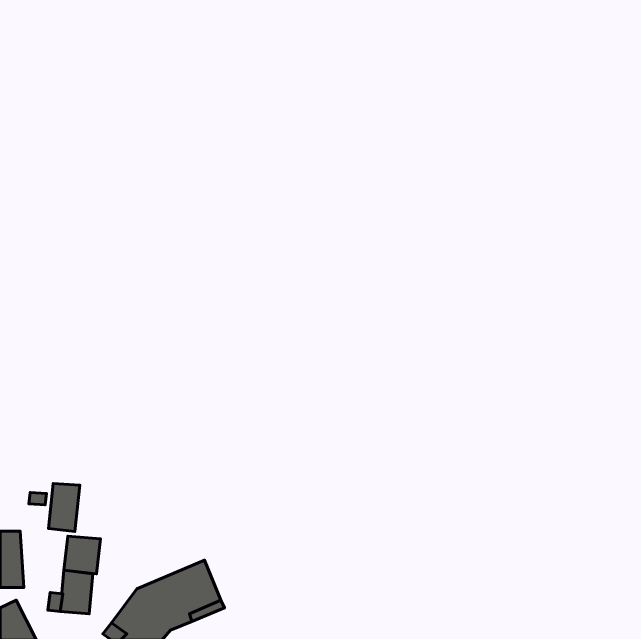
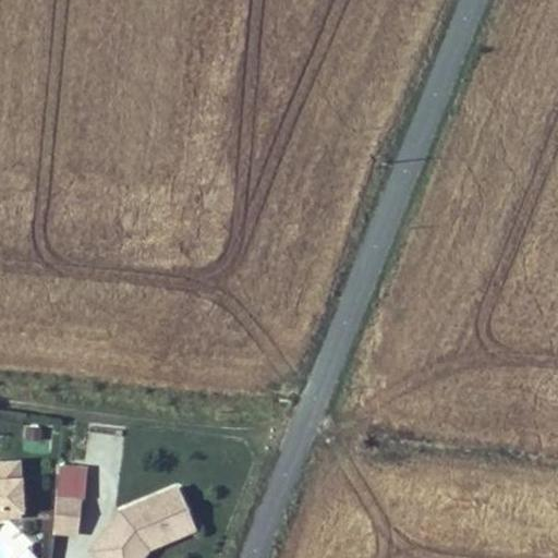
building: [48,484,80,532] -> none

